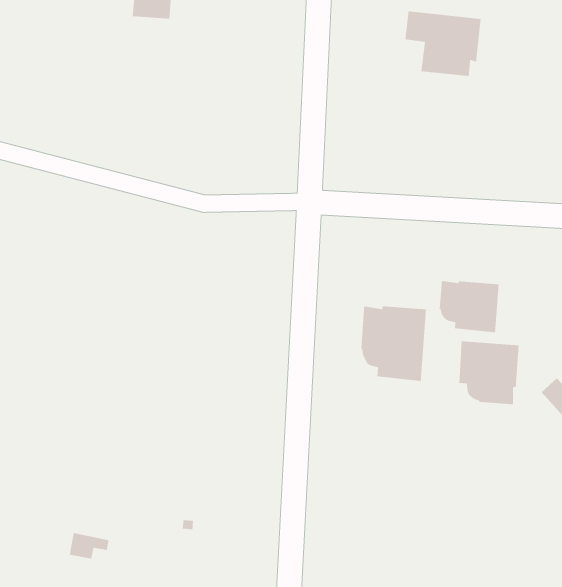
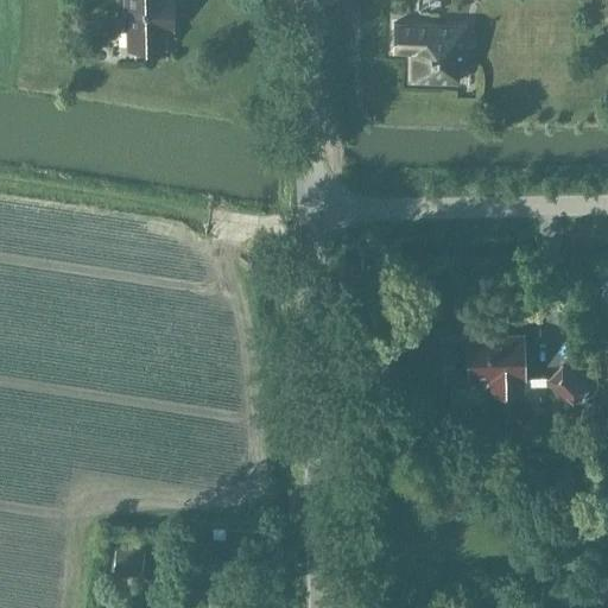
building: [439,280,500,333] -> none
building: [360,305,427,382] -> none

